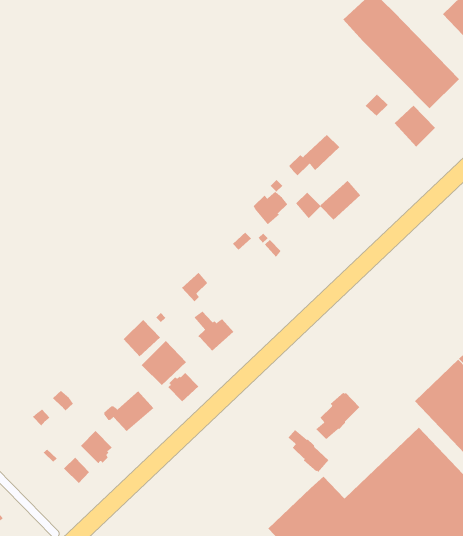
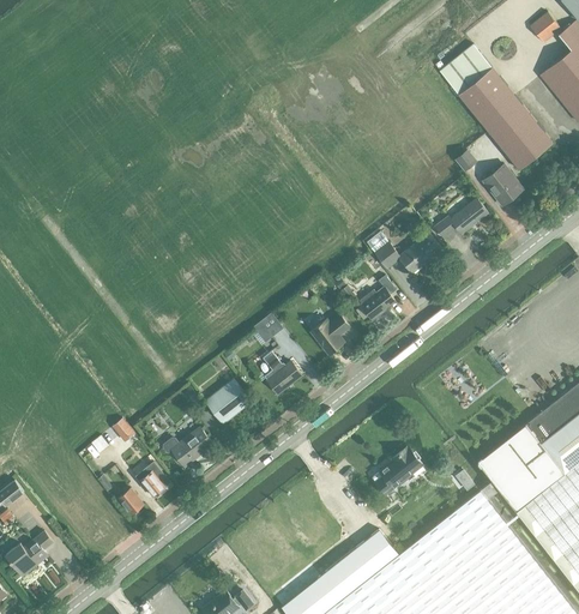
building: [288,134,340,176] -> [435,200,489,240]
building: [253,179,288,225] -> [360,276,396,321]
building: none -> [312,315,350,355]
building: [123,319,161,357] -> none
building: [167,372,199,402] -> none
building: [287,429,329,473] -> none

